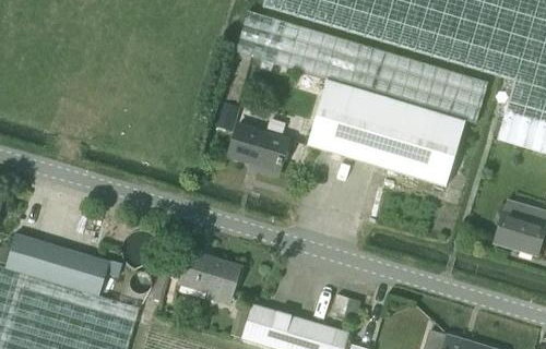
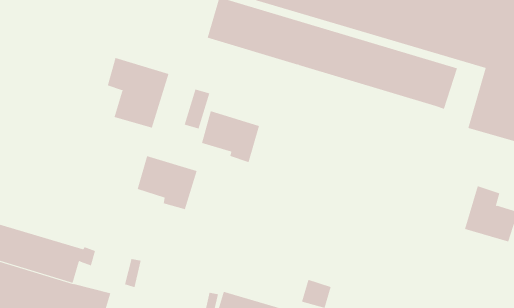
building: none -> [107,57,169,128]
building: [306,77,464,186] -> none
building: [179,250,240,304] -> [137,156,198,210]

